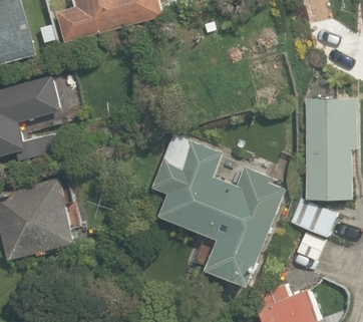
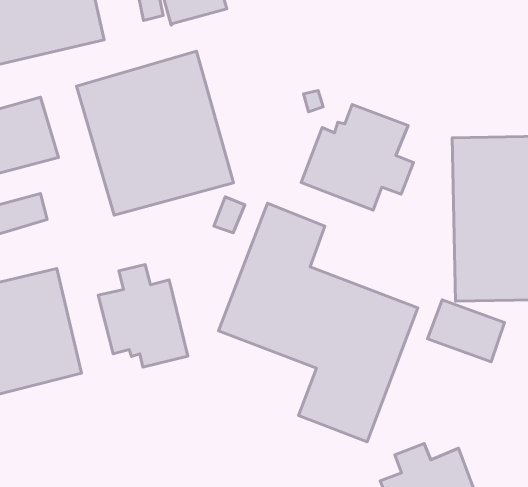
building: none -> [77,51,234,215]
building: none -> [301,104,413,210]
building: none -> [98,265,188,367]

